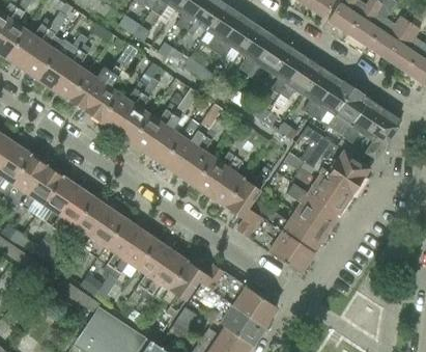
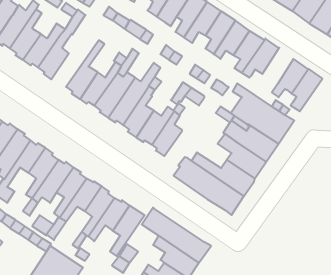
building: [100,75,150,130] -> none
building: [328,86,369,136] -> none
building: [225,167,272,217] -> none

